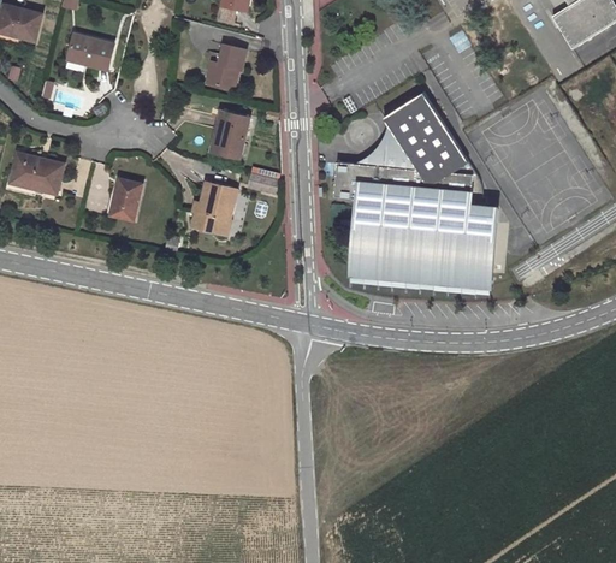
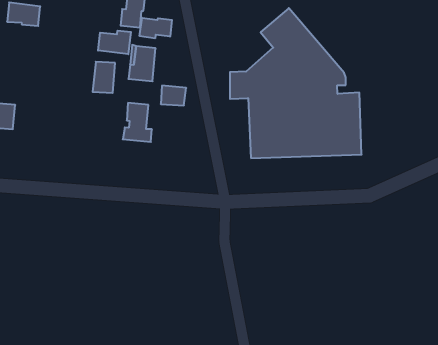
building: none -> [140,18,172,38]
building: none -> [98,31,131,54]
building: [108,178,142,220] -> [93,62,115,93]

